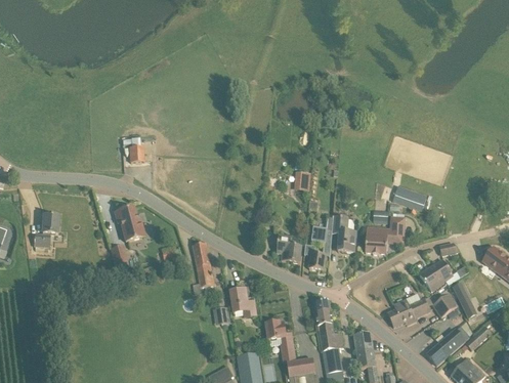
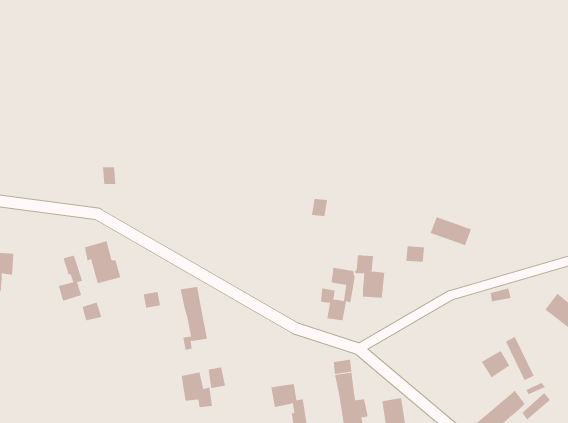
building: none -> [58,255,83,302]
building: [365,217,404,253] -> none
building: [277,235,302,261] -> none
building: [419,259,452,290] -> none
building: [230,287,256,315] -> [181,372,213,408]
building: [387,292,429,326] -> none

